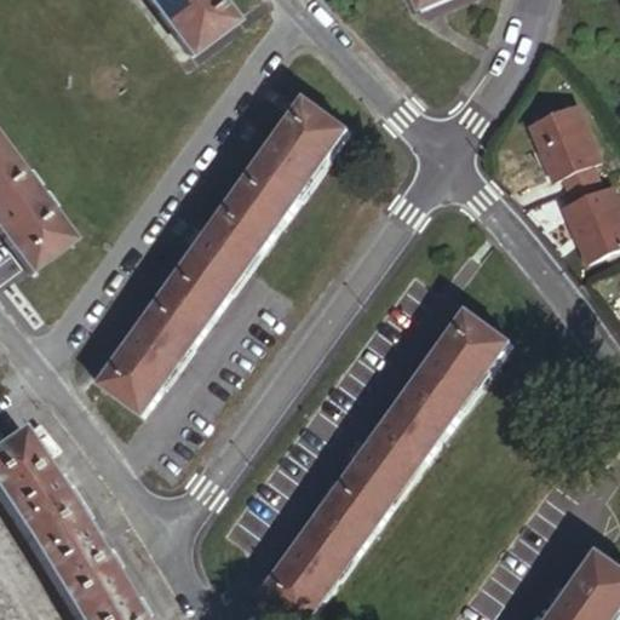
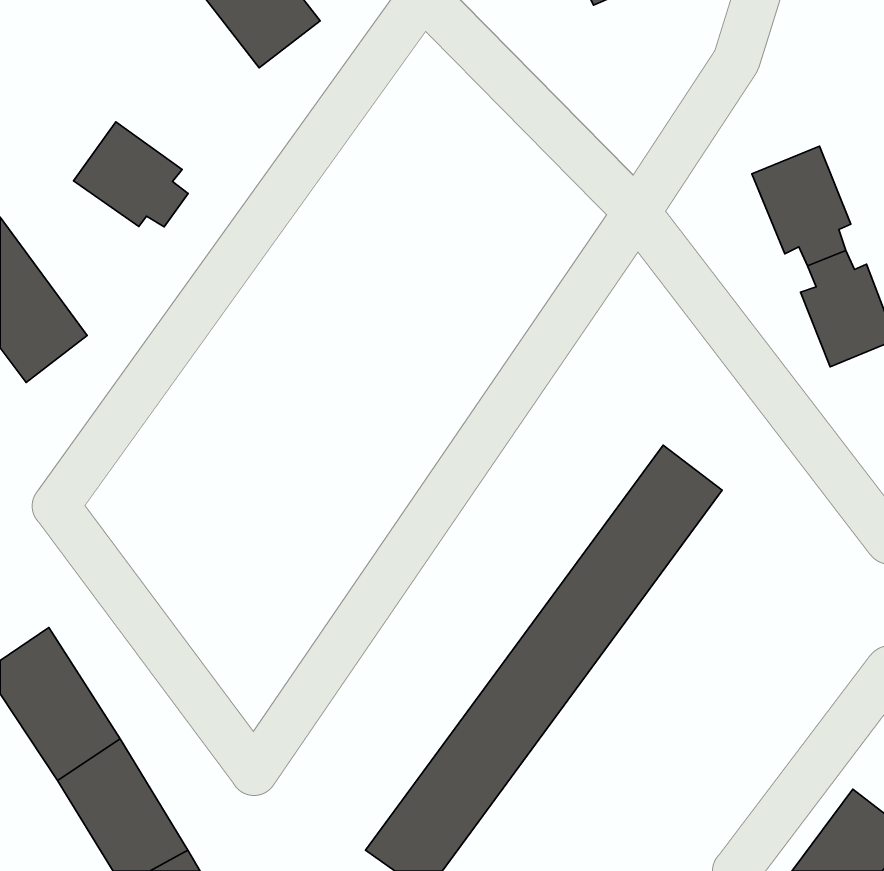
building: none -> [73,122,188,227]
building: [96,97,343,413] -> none

